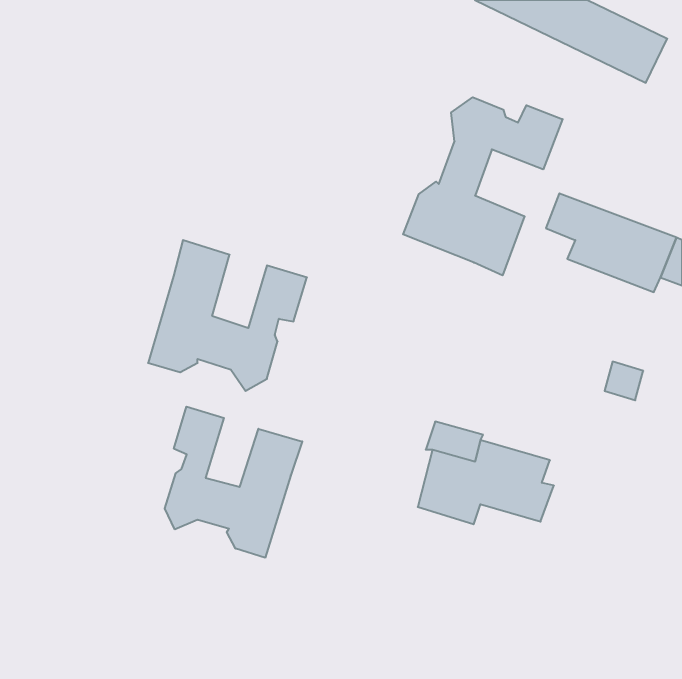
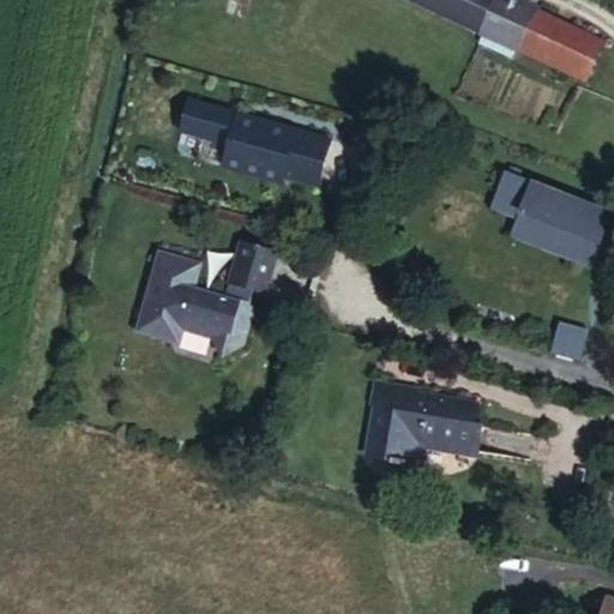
building: [403,97,563,275] -> none
building: none -> [180,98,327,186]
building: [165,407,302,558] -> none

